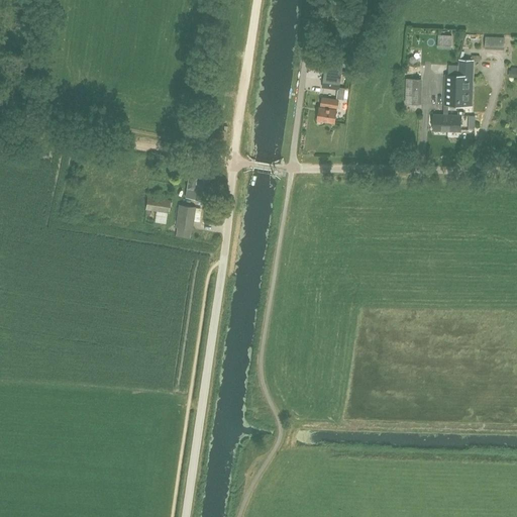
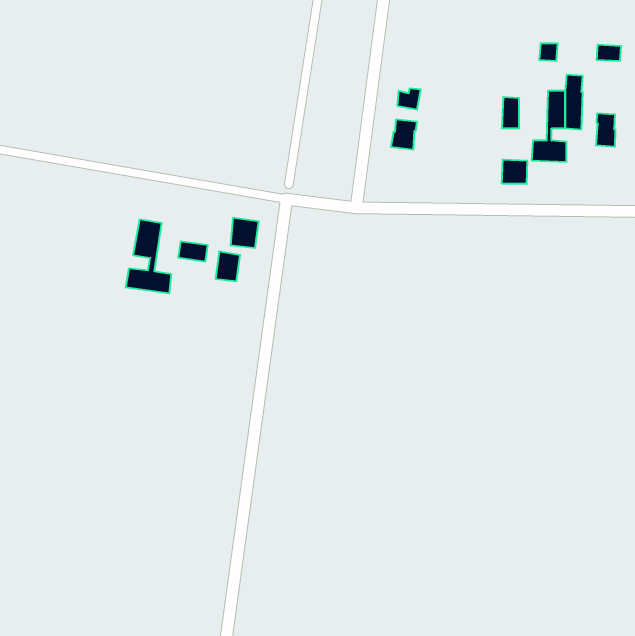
building: none -> [596,113,615,147]
building: none -> [502,159,527,184]
building: none -> [126,219,171,293]

